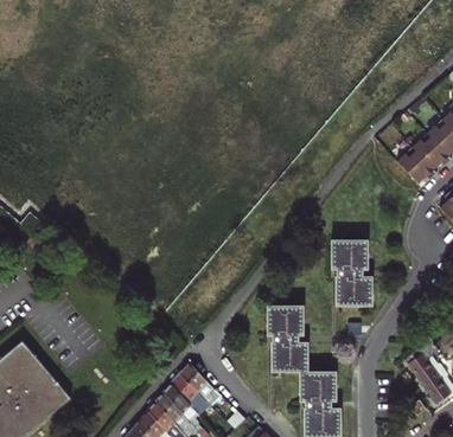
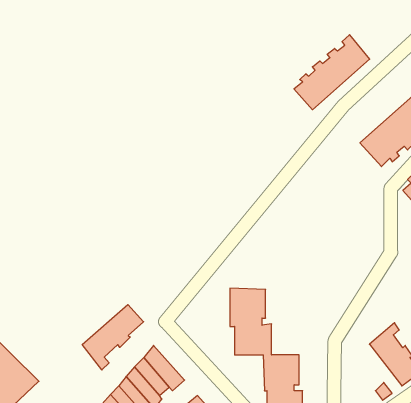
building: none -> [294,35,370,110]
building: [330,239,371,307] -> none
building: none -> [82,305,144,370]

